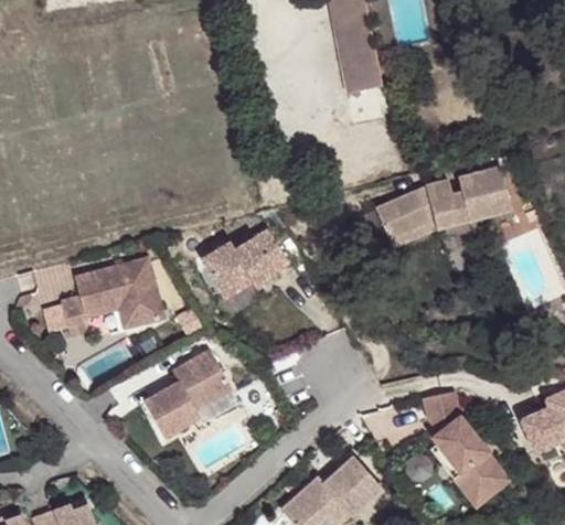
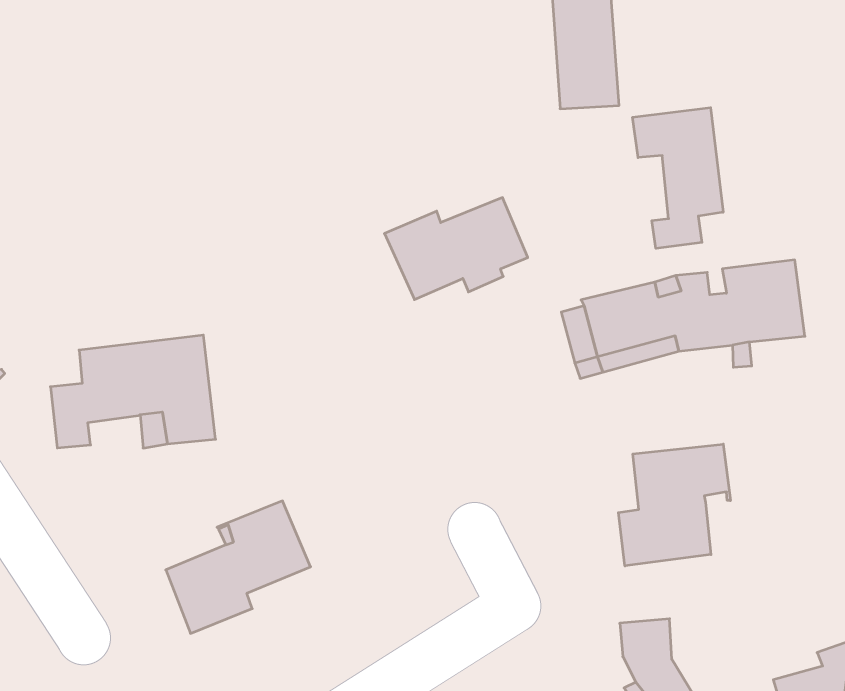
building: none -> [633,108,723,248]
building: [201,229,289,298] -> [384,198,528,300]
building: none -> [618,444,730,566]

